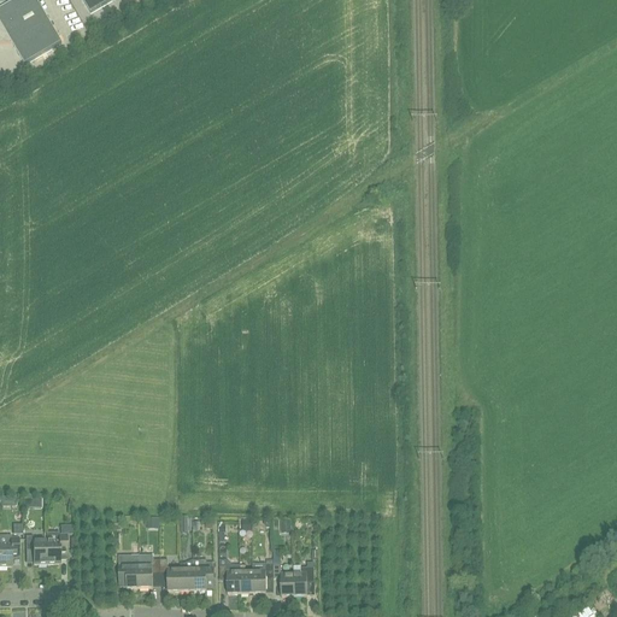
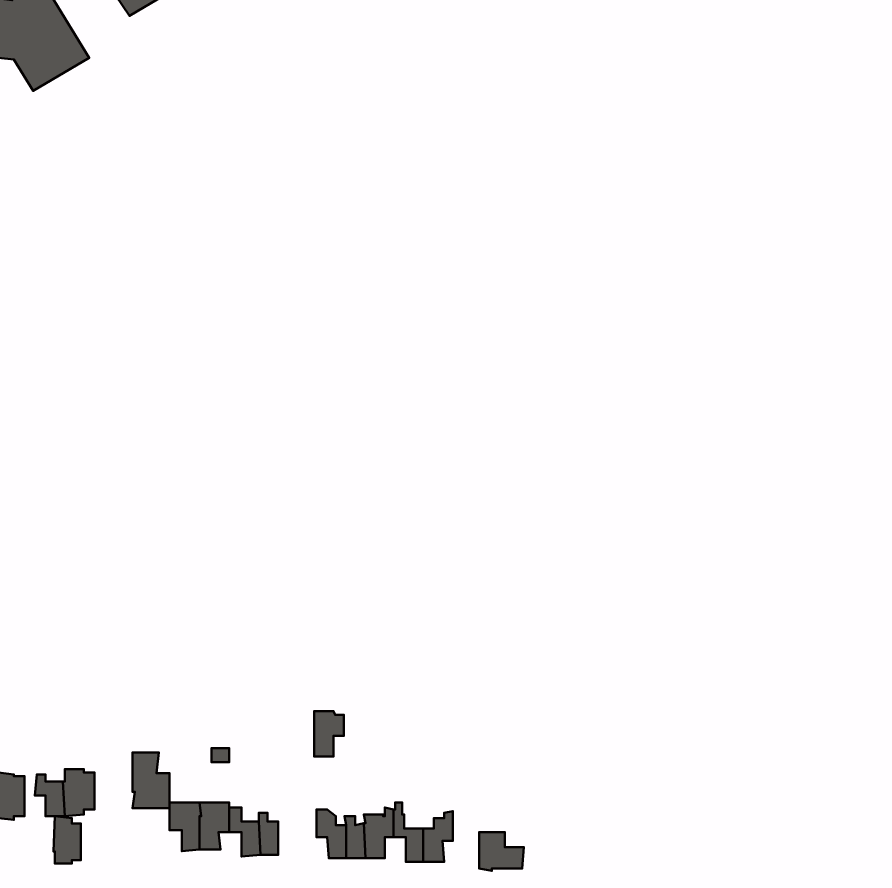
building: none -> [133,753,170,808]
building: [192,558,212,589] -> [314,711,344,757]
building: none -> [53,816,81,864]
building: none -> [479,832,524,871]

